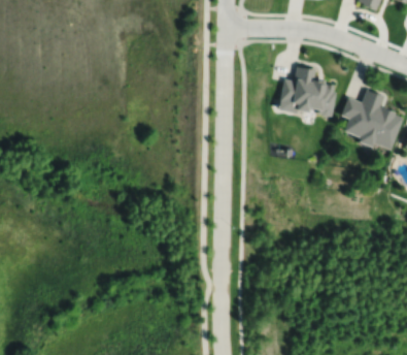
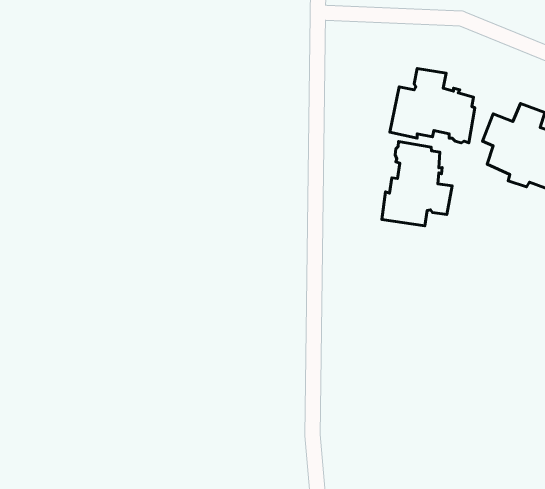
building: none -> [382,142,452,226]

